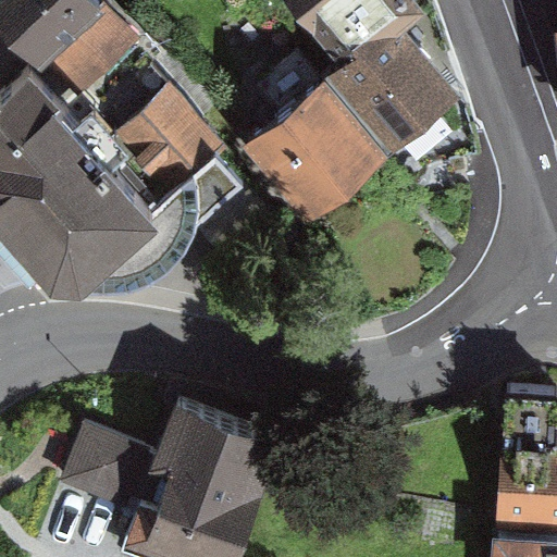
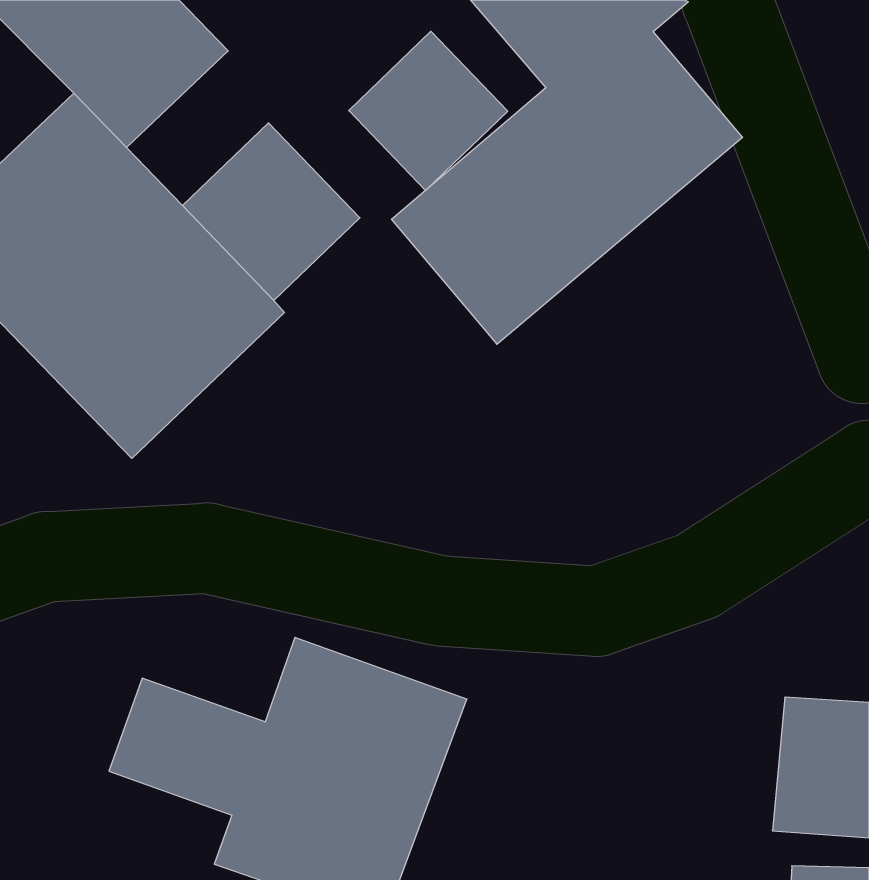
building: none -> [349,31,508,190]

